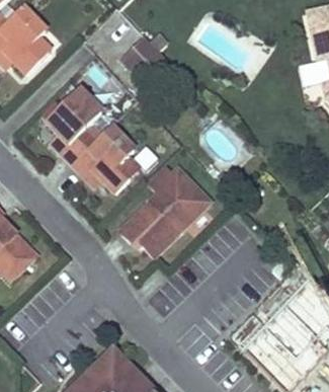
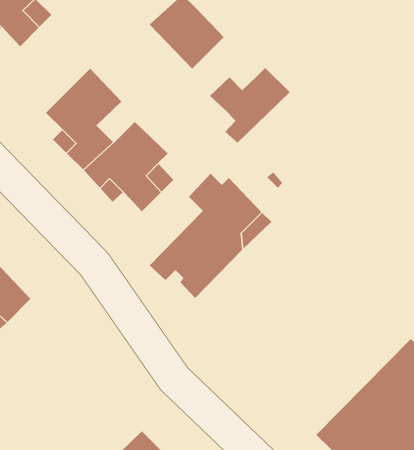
building: none -> [209,67,291,144]

